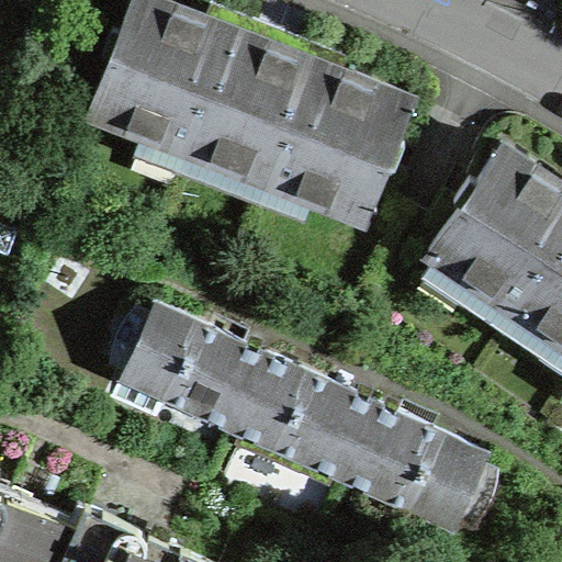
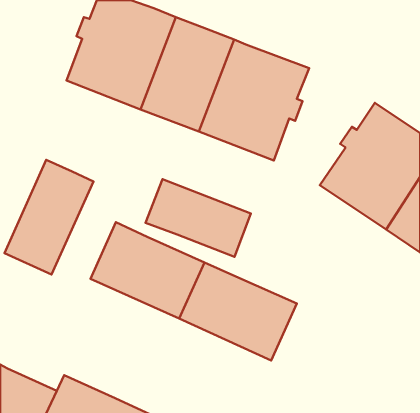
building: none -> [4,160,93,275]
building: none -> [146,179,251,257]
building: [362,415,486,531] -> none

